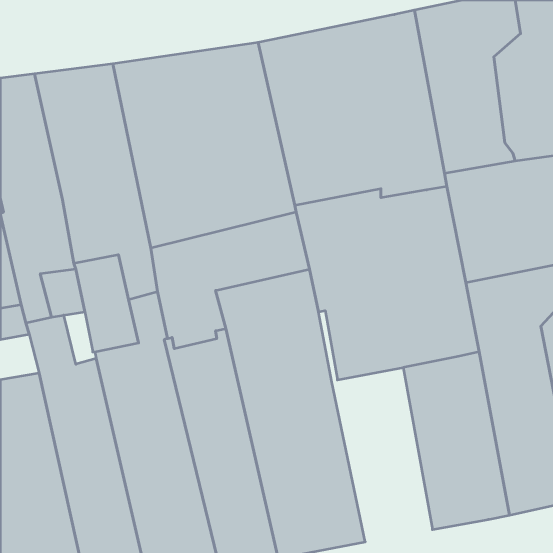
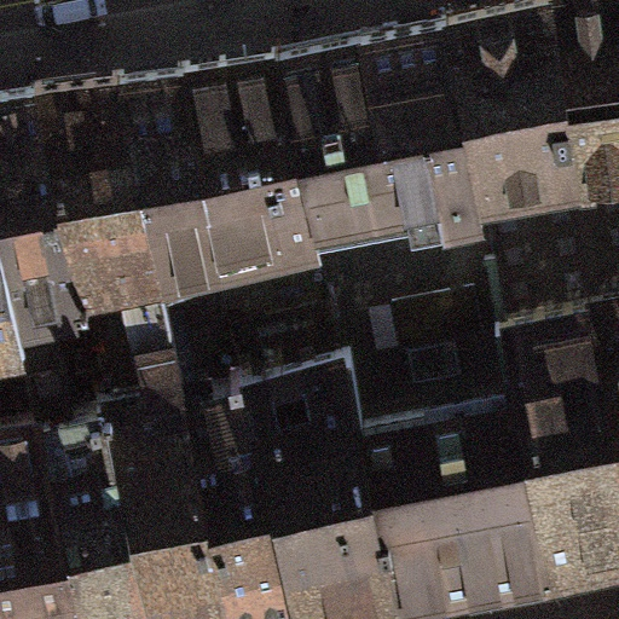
building: none -> [364,355,487,606]

